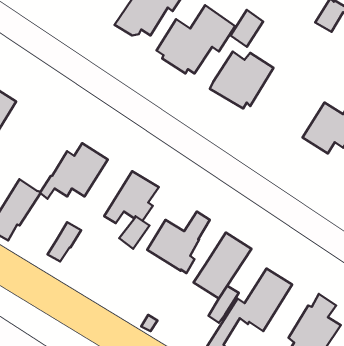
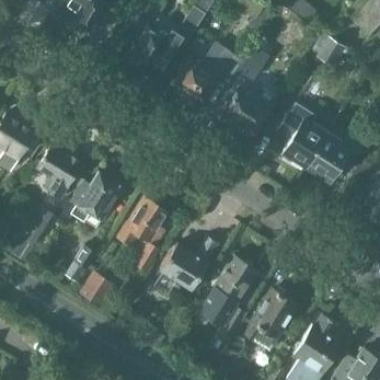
building: none -> [275,102,326,165]
building: none -> [35,146,82,199]
building: none -> [79,268,114,304]

